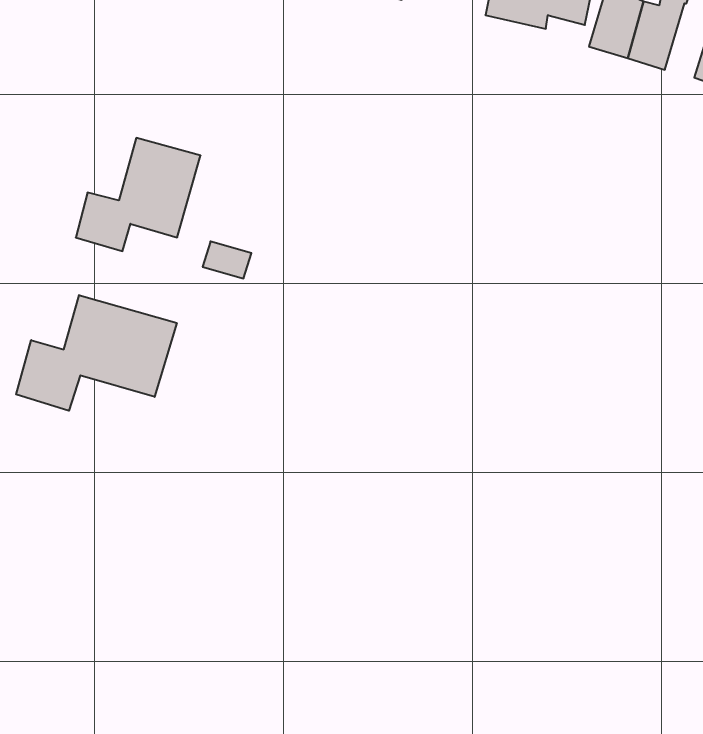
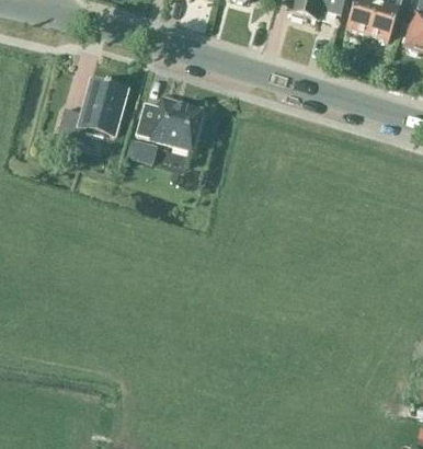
building: none -> [136,97,203,150]
building: [16,295,177,411] -> none

